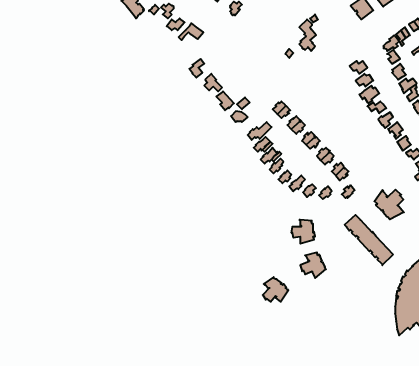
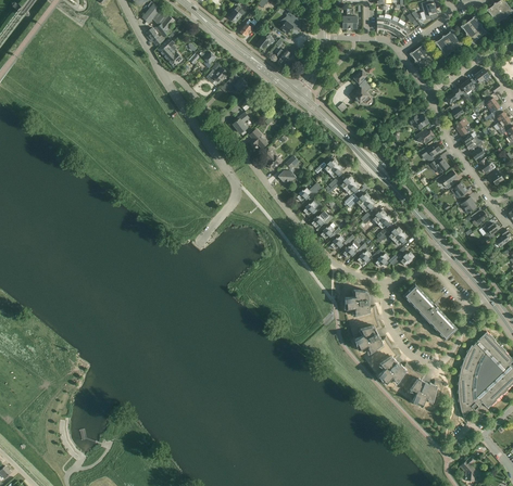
building: [374,190,404,219] -> none
building: [263,277,288,302] -> [378,356,406,383]
building: none -> [410,379,437,406]

